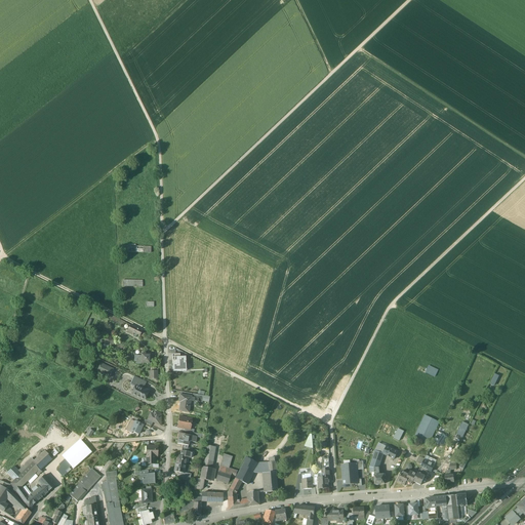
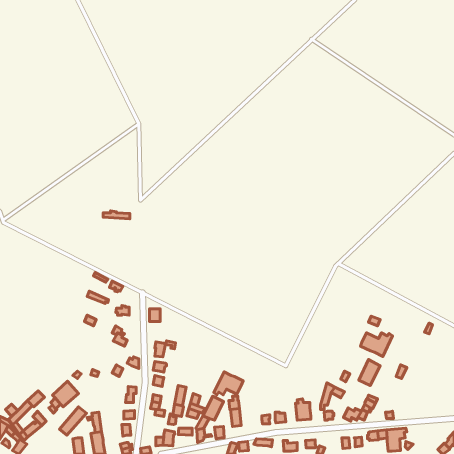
building: none -> [360,333,393,356]
building: none -> [214,372,243,395]

